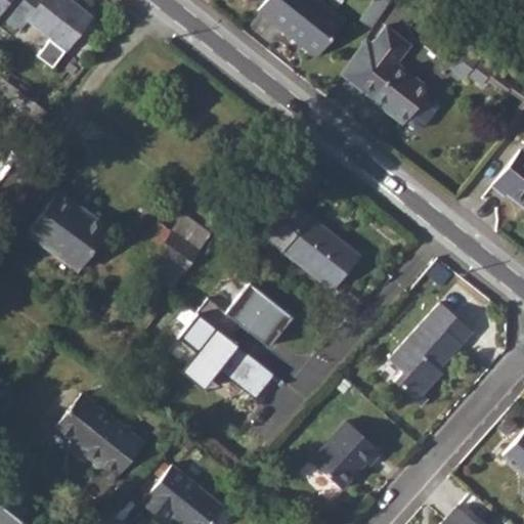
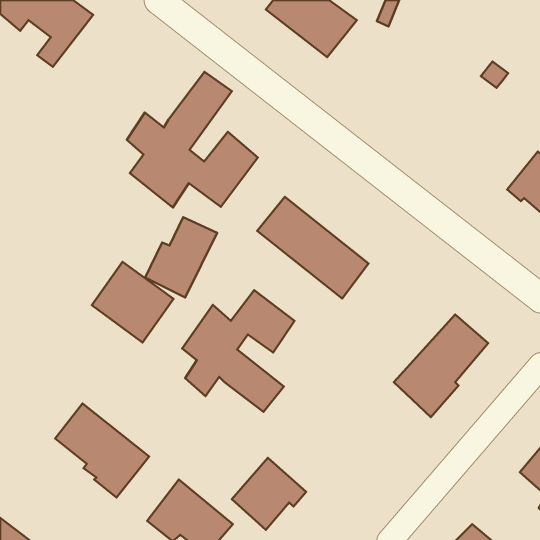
building: [353,25,438,127] -> none
building: none -> [127,72,258,207]
building: [29,191,107,269] -> [92,262,173,342]
building: [312,422,384,491] -> [232,458,306,530]

